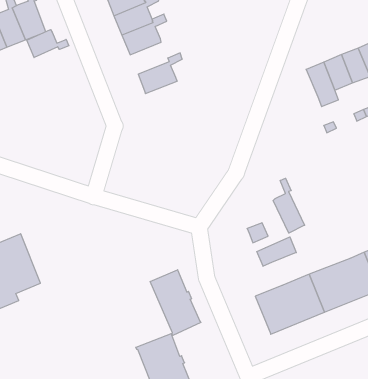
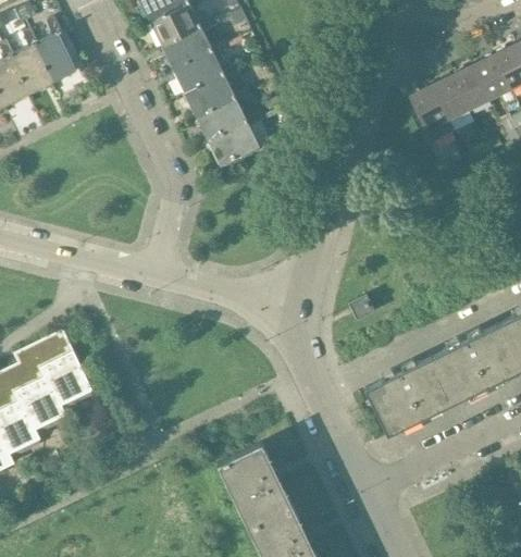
building: [27,30,69,58] -> none
building: none -> [185,64,239,119]
building: none -> [208,112,263,168]
building: [273,178,305,233] -> none
building: [257,237,296,266] -> none
building: [150,270,201,335] -> none

